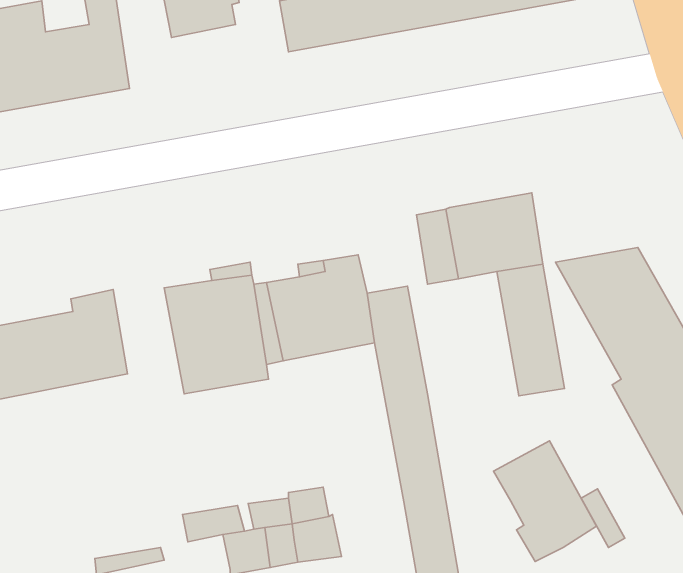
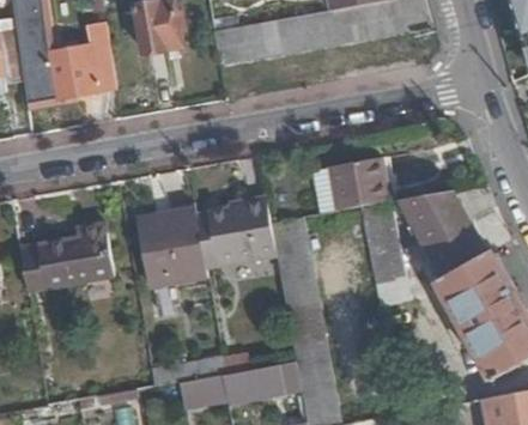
building: [493,441,597,561] -> none
building: none -> [250,358,302,394]

